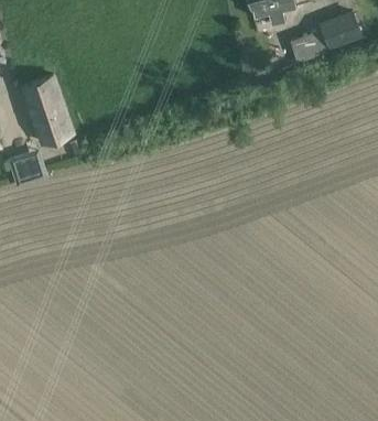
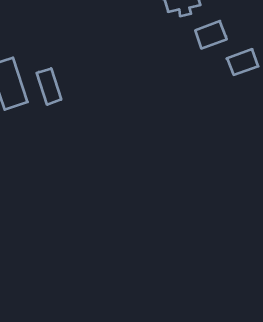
building: [321,15,361,48] -> [227,49,258,75]
building: none -> [37,68,61,105]

